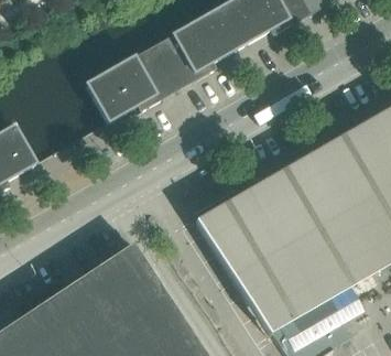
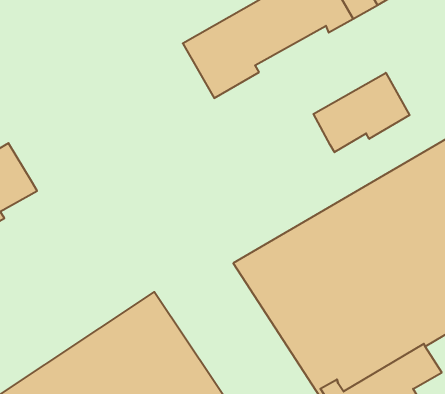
building: [86,43,180,121] -> none
building: none -> [313,73,410,152]

